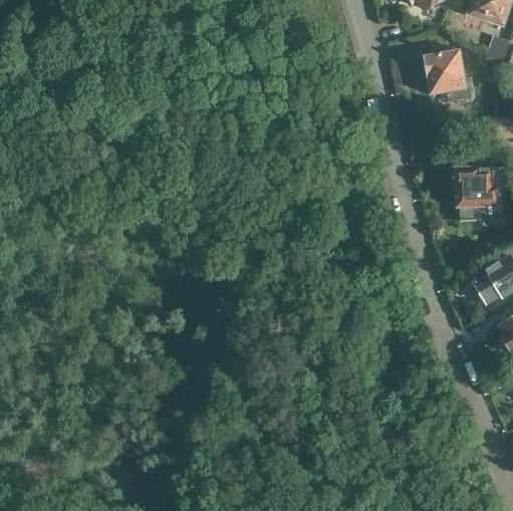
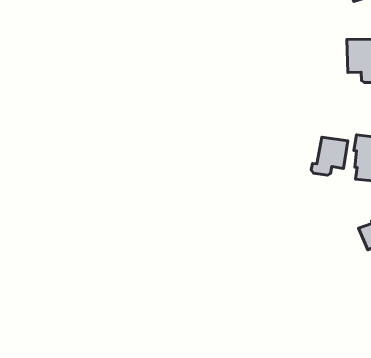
building: none -> [311,137,348,175]

